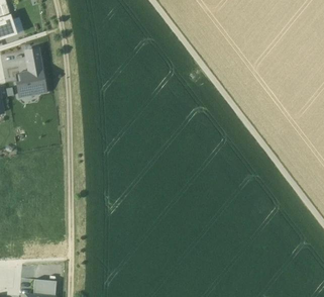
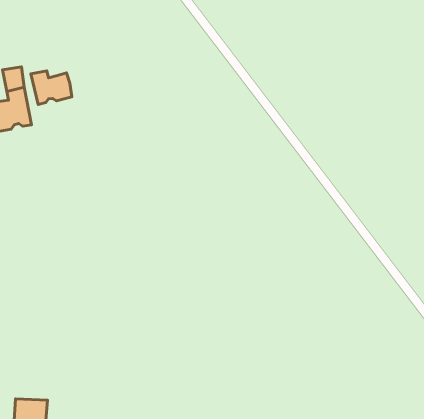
building: none -> [31,71,72,105]

